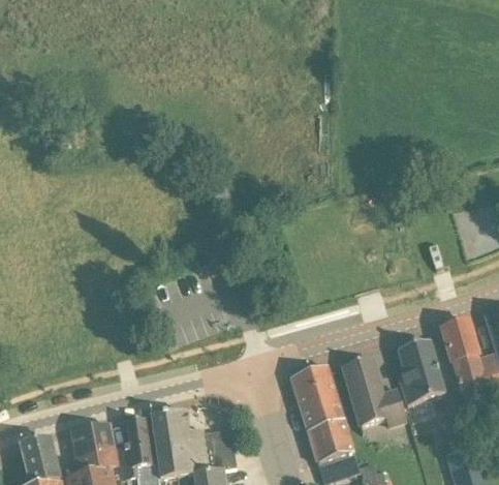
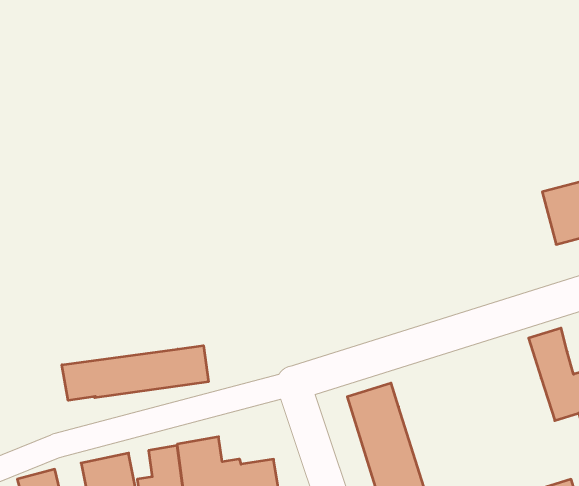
building: none -> [62,346,208,400]
building: [398,339,445,403] -> none
building: [343,356,407,425] -> none

